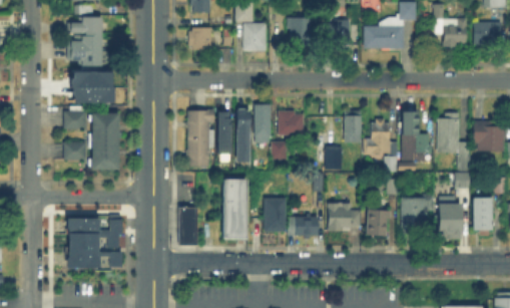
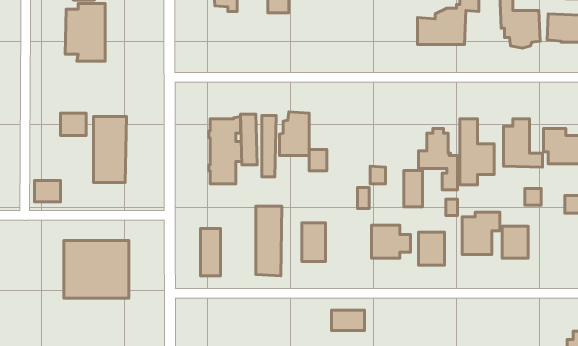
building: [291,19,313,46] -> none
building: [331,19,351,47] -> none
building: [189,24,211,50] -> none
building: [245,26,268,52] -> none
building: [69,68,110,99] -> none
building: [279,111,304,135] -> none
building: [347,112,363,143] -> [404,170,423,207]
building: [61,138,83,157] -> [34,181,60,202]
building: [475,202,495,240] -> none
building: [289,217,317,234] -> [331,310,364,330]

